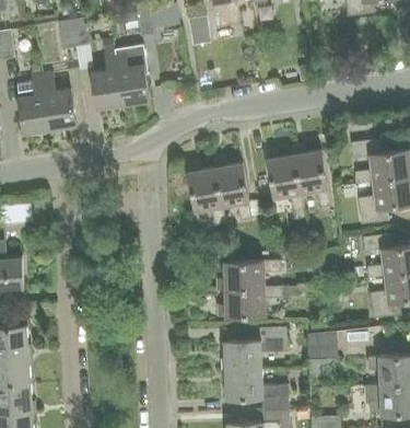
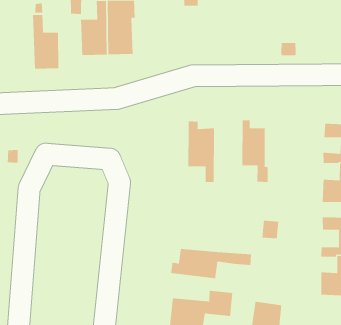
building: [16,73,50,134] -> none
building: [292,146,329,207] -> none
building: [188,161,224,222] -> none
building: [216,261,280,289] -> none

